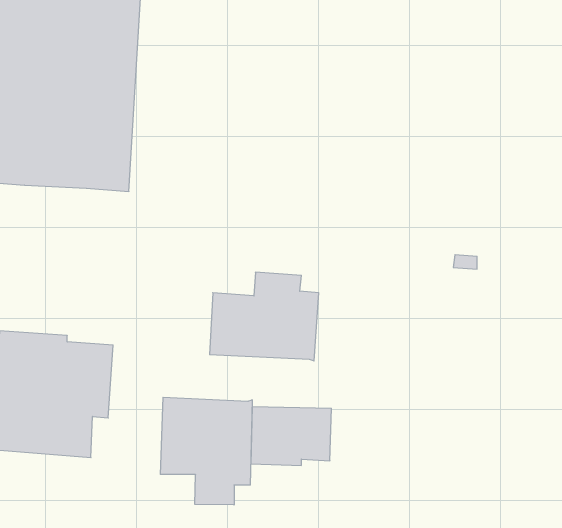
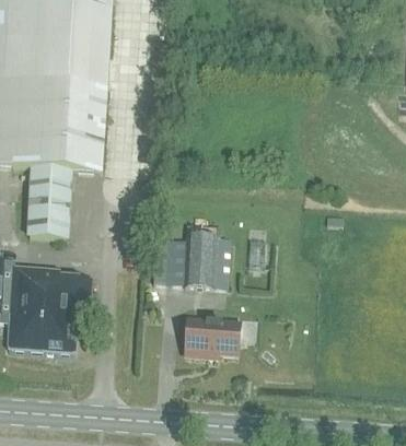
building: none -> [25,165,72,238]
building: [160,397,252,505] -> none

